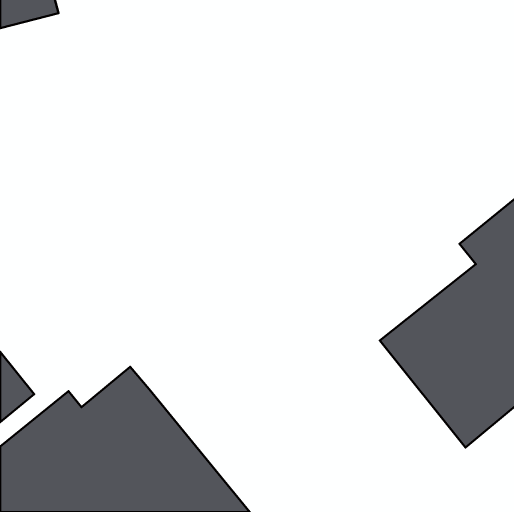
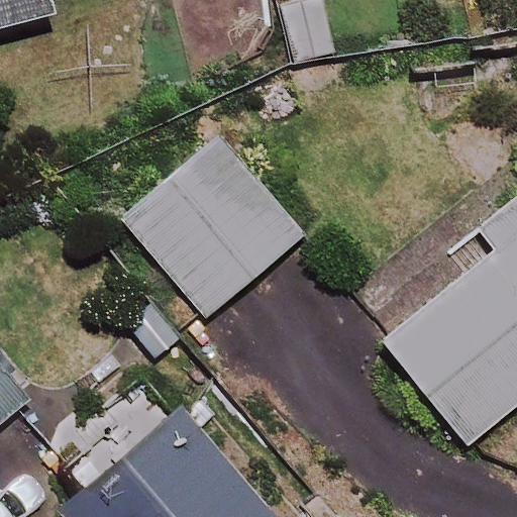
building: none -> [115,130,304,320]

